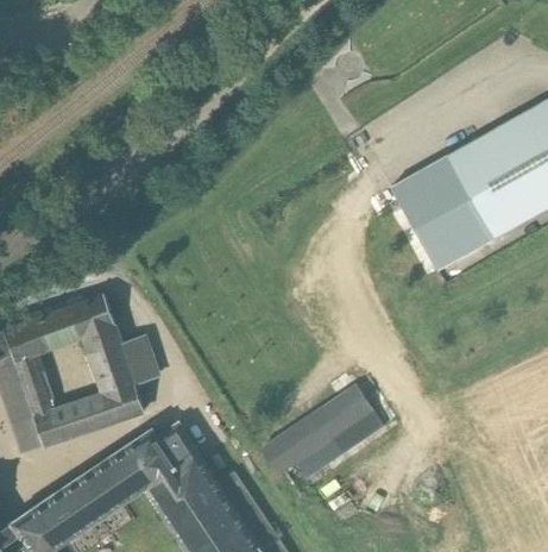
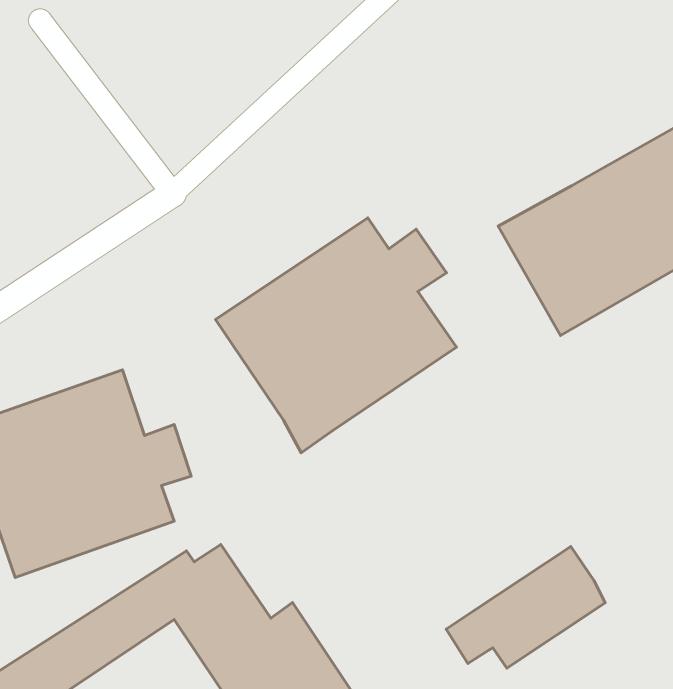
building: none -> [216,218,457,453]
building: [260,384,382,477] -> [446,547,605,668]

